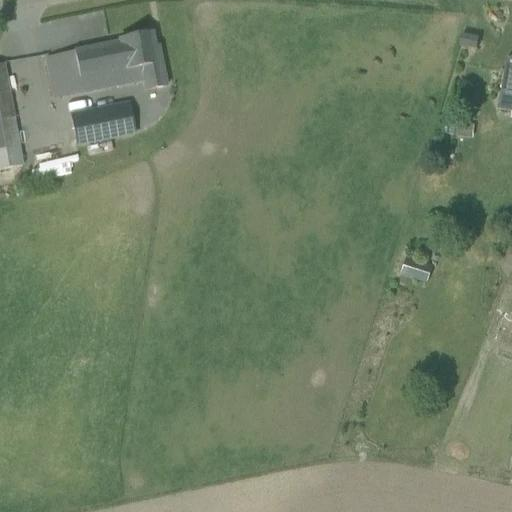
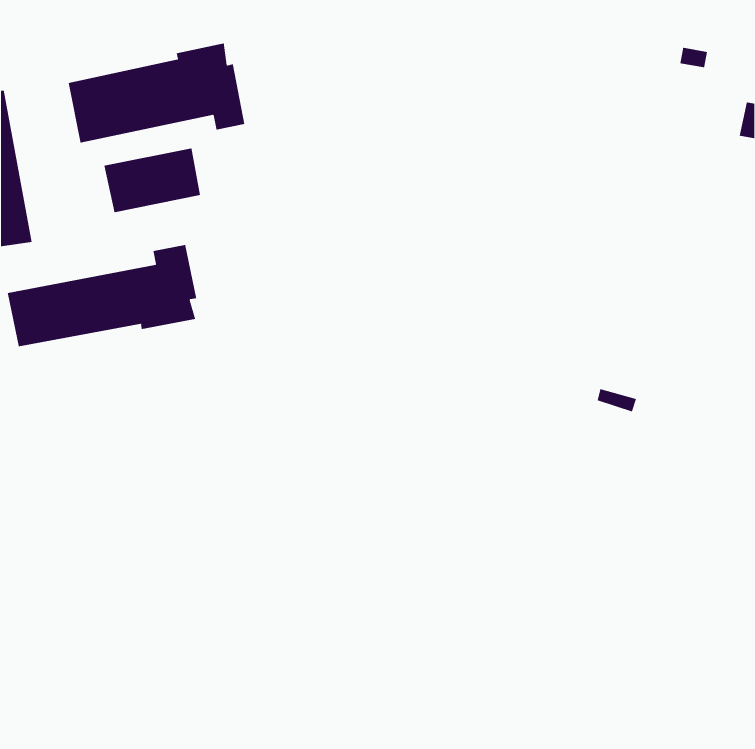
building: none -> [7,244,197,347]

